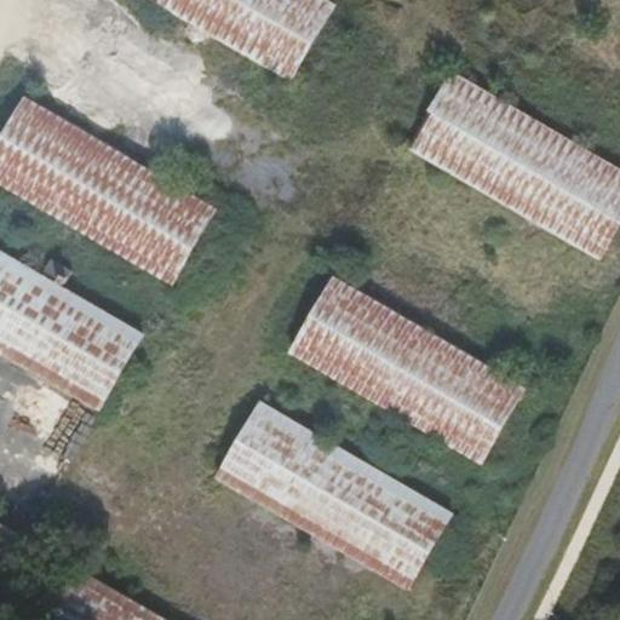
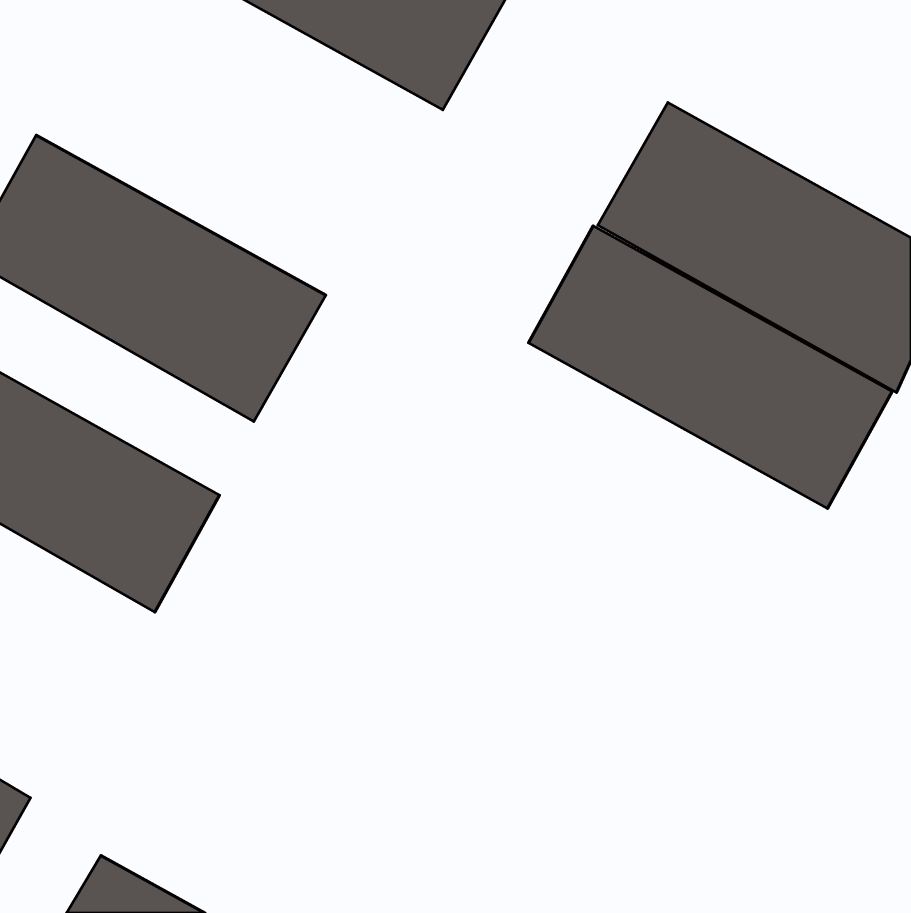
building: [282,274,527,464] -> [528,226,892,509]
building: [216,402,449,580] -> none

